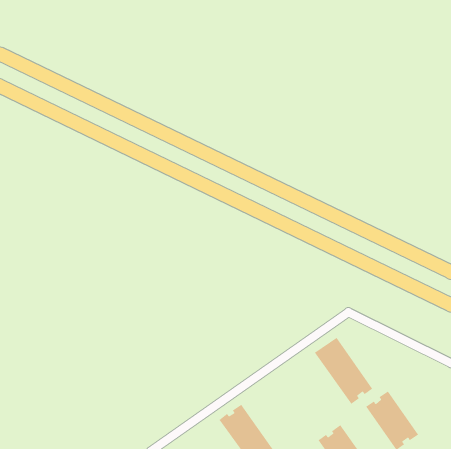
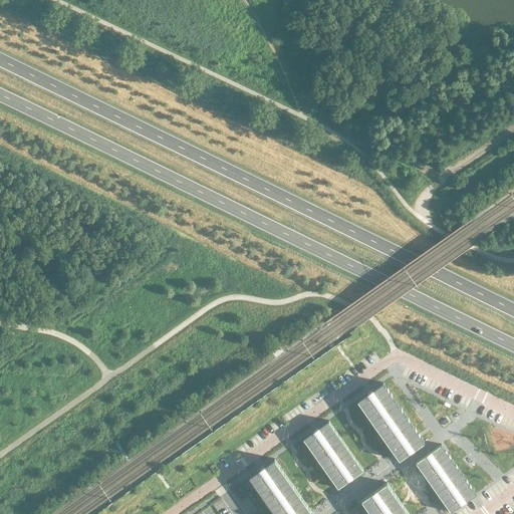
building: none -> [302,424,363,491]

